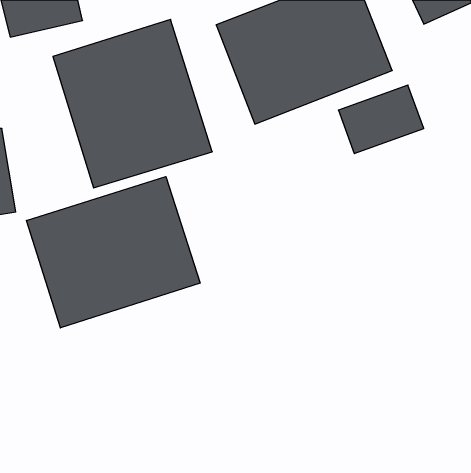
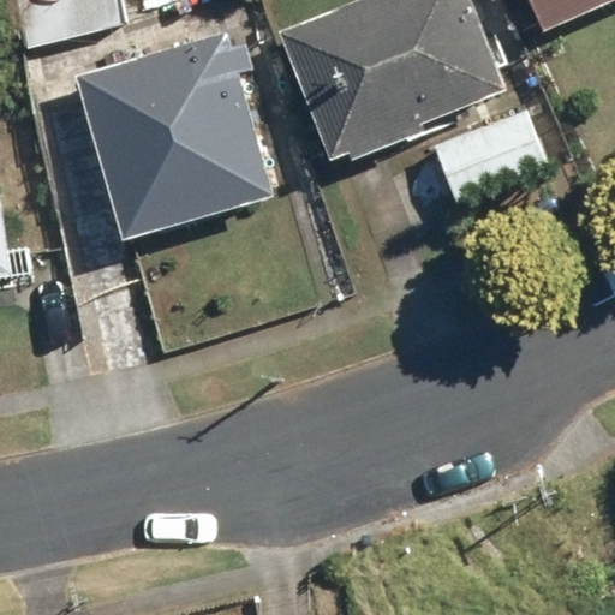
building: [26,177,200,328] -> none

